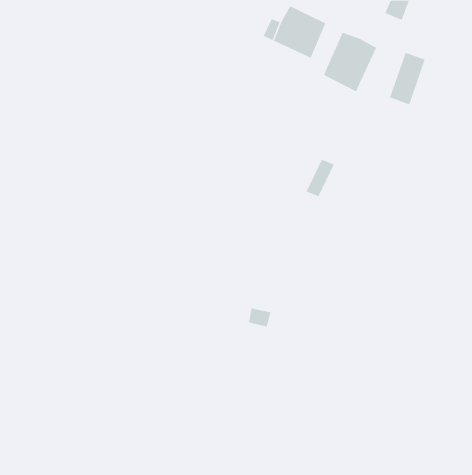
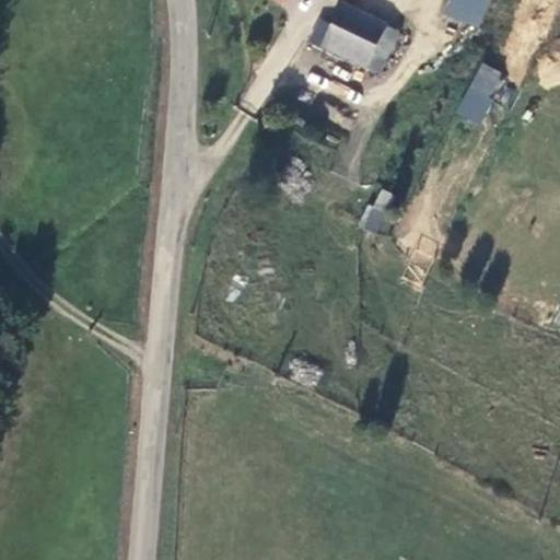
building: [323,32,377,92] -> none

